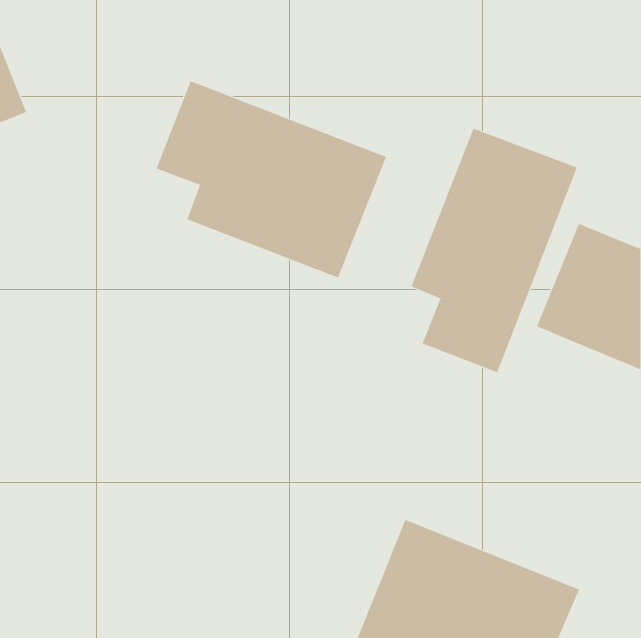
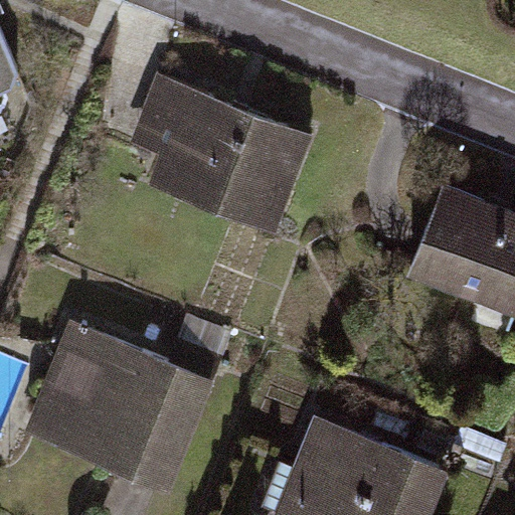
building: [411,128,578,373] -> none
building: none -> [20,323,215,493]

